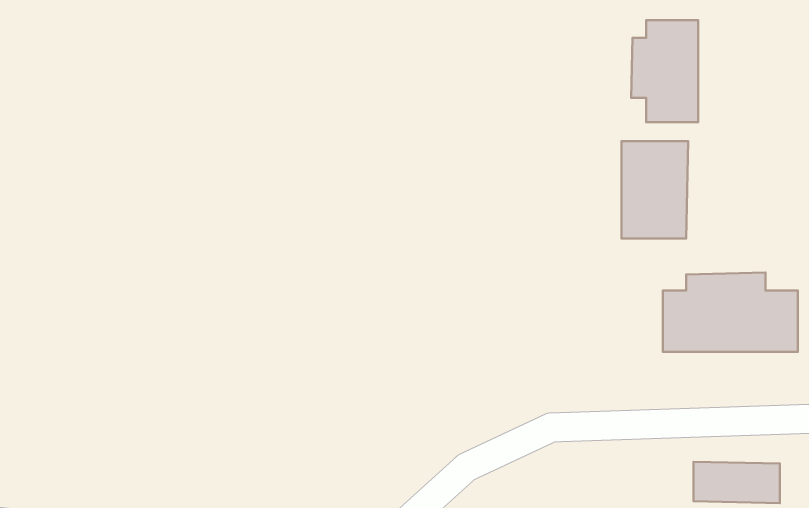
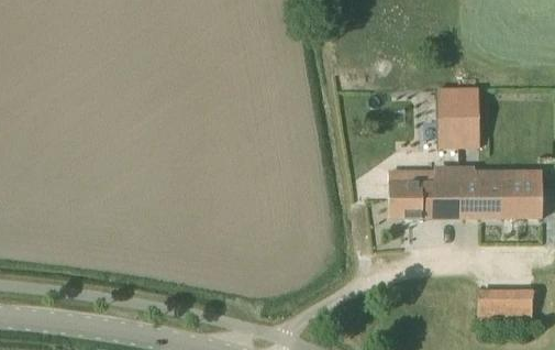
building: [631,20,698,122] -> none
building: none -> [391,169,463,218]

